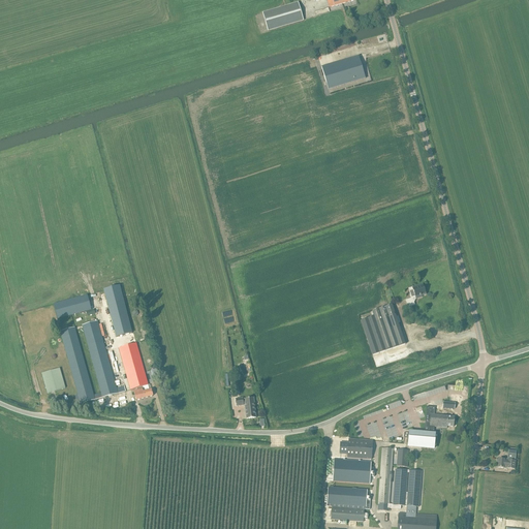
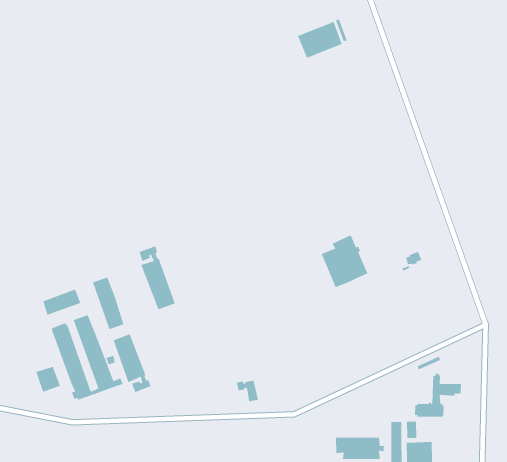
building: none -> [139,246,176,310]
building: [361,304,405,354] -> [321,234,368,288]
building: [347,438,373,459] -> none

